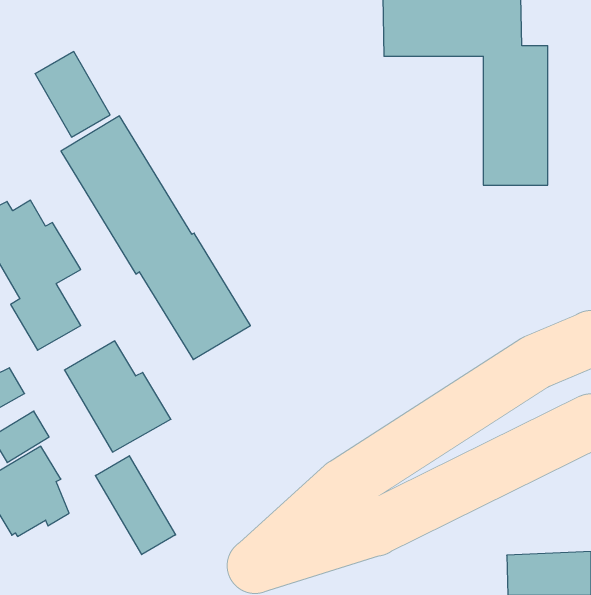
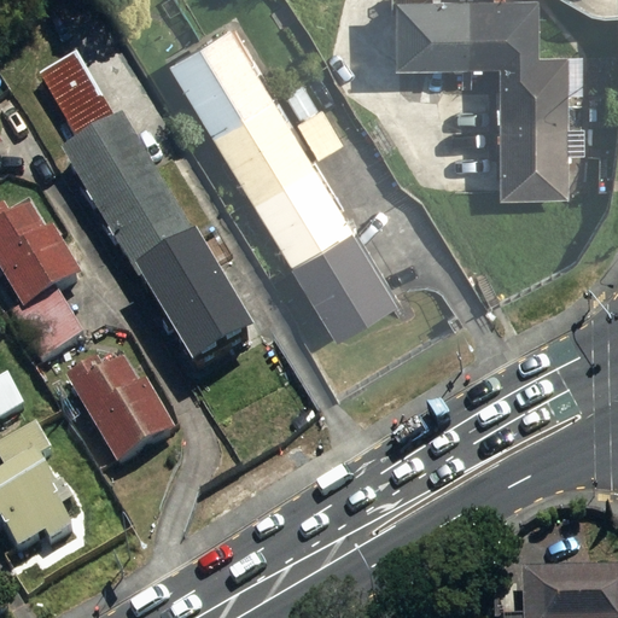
building: none -> [168,16,397,331]
building: [95,456,176,555] -> none

